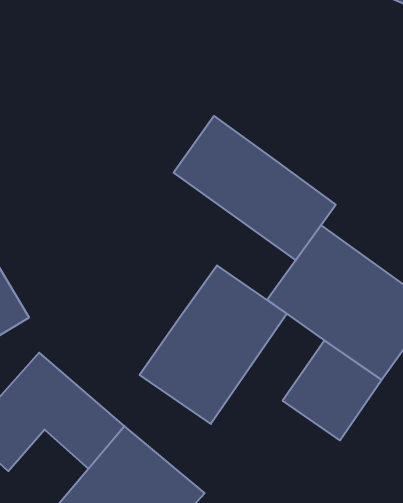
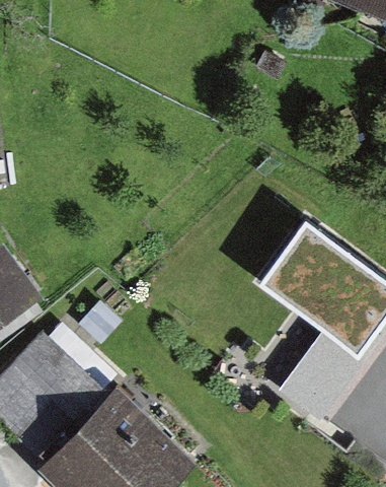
building: [174,116,336,260] -> none
building: [140,265,287,424] -> none

